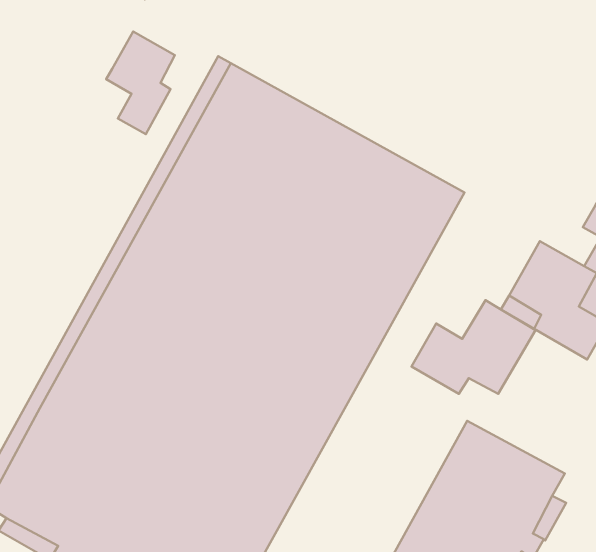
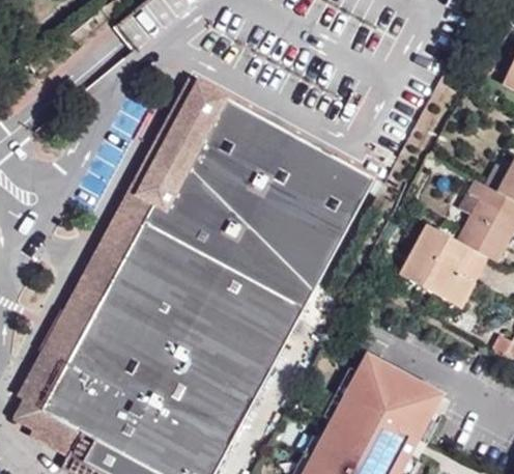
building: [106,32,175,134] -> none
building: [411,300,536,394] -> none

